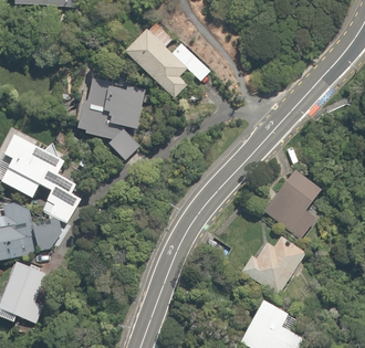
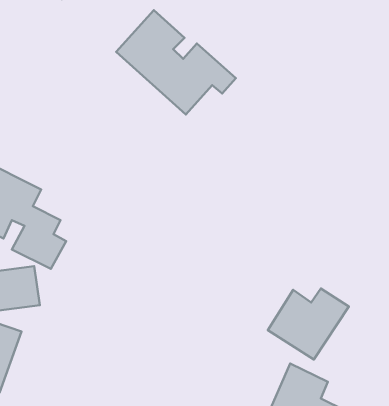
building: [72,74,149,160] -> none
building: [263,169,321,240] -> none

